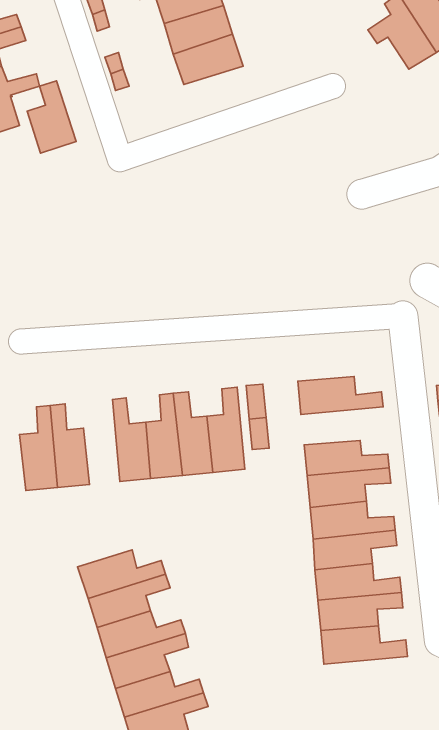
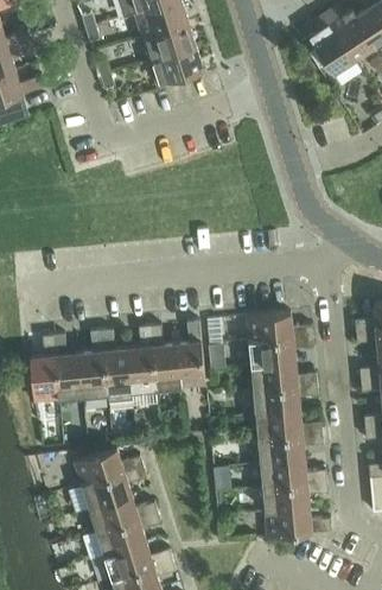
building: [27,81,76,153] -> none
building: none -> [78,330,107,396]
building: none -> [248,336,313,366]

